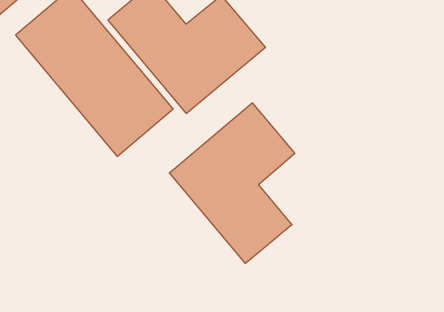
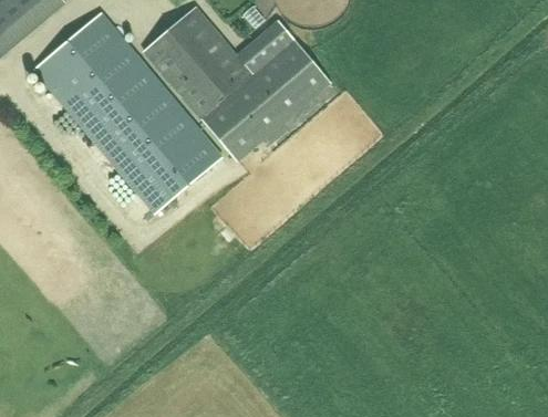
building: [169,103,295,263] -> none

